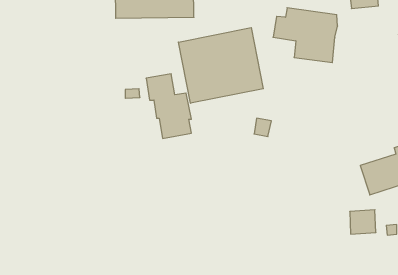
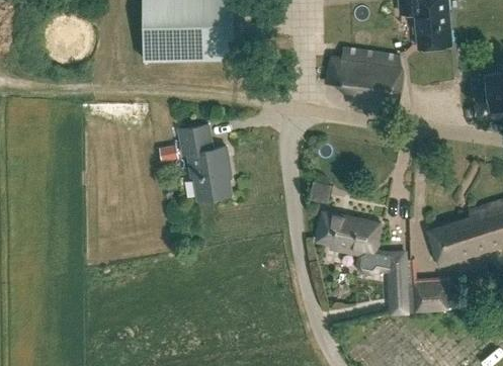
building: [178,28,263,103] -> none
building: none -> [317,211,413,314]

